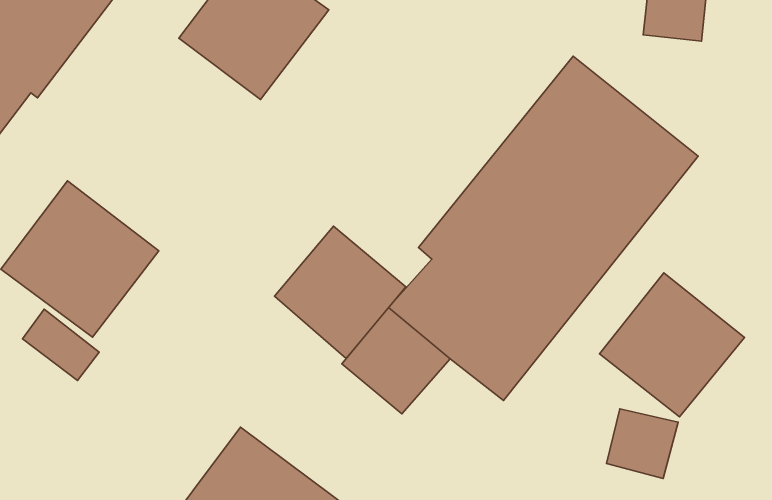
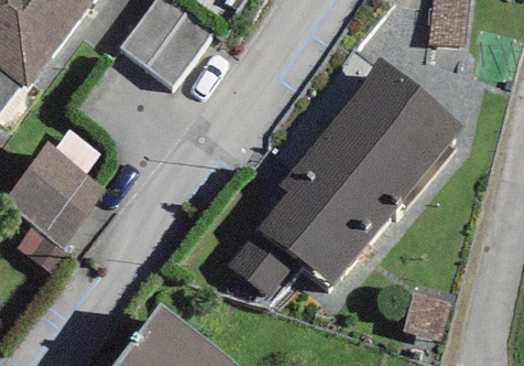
building: [275,226,406,358] -> none
building: [599,273,744,417] -> none

